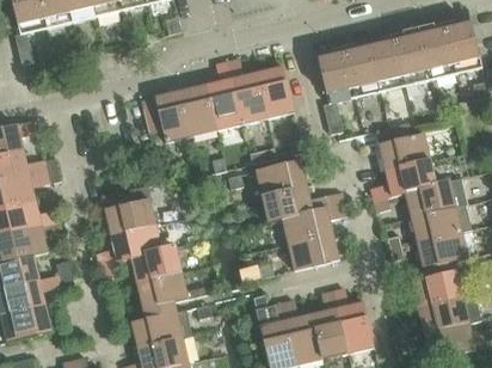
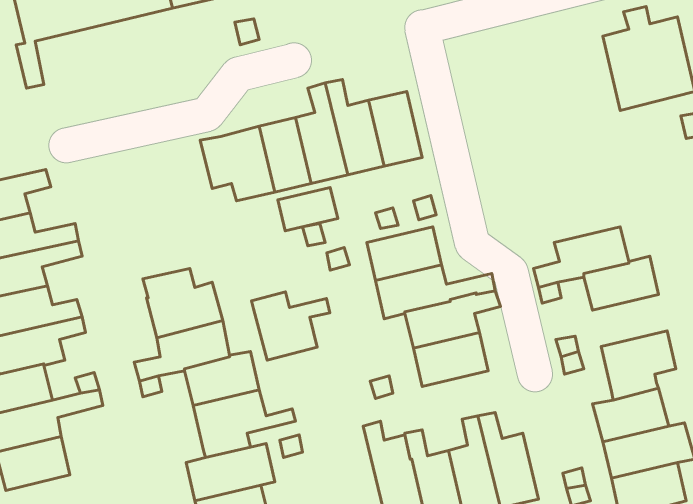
building: [316,19,430,133] -> none
building: [376,122,430,170] -> none
building: none -> [278,188,338,231]
building: [411,203,472,241] -> none
building: none -> [252,292,330,360]

